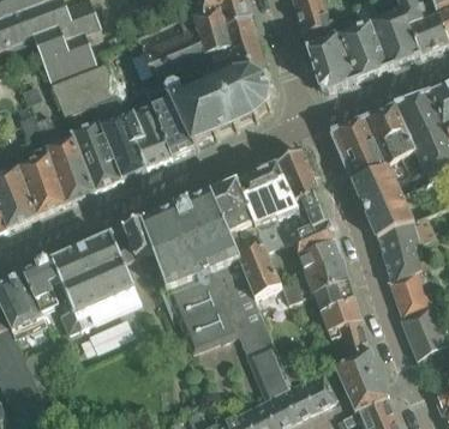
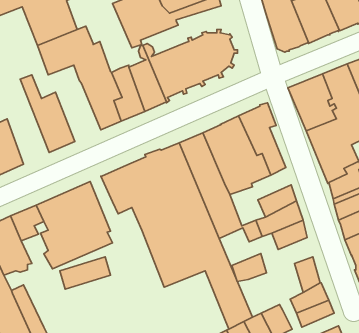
building: [206,37,267,78] -> none
building: [18,113,65,213] -> none
building: [71,120,122,188] -> none
building: [291,217,335,253] -> none
building: [321,295,359,326] -> [232,254,266,282]

